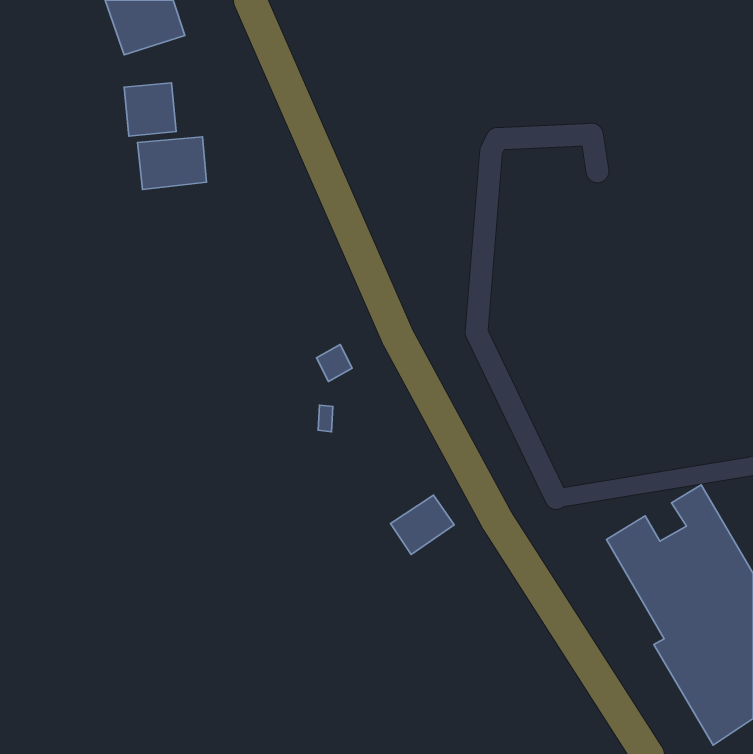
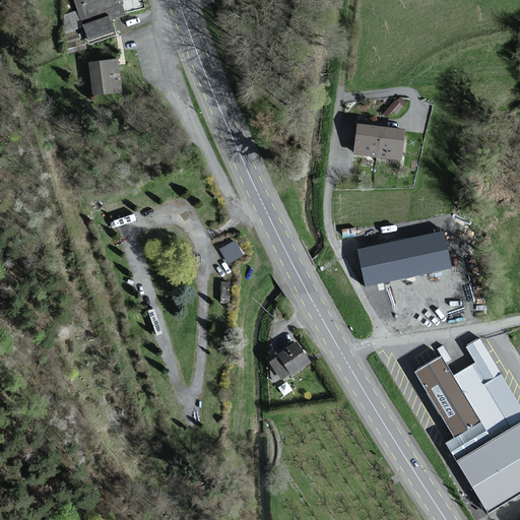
building: [137,137,206,190] -> none
building: none -> [352,124,405,162]
building: none -> [358,235,448,283]

